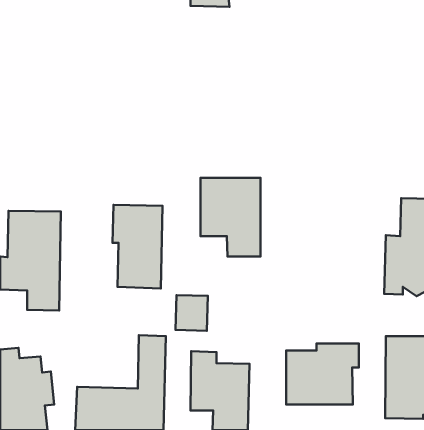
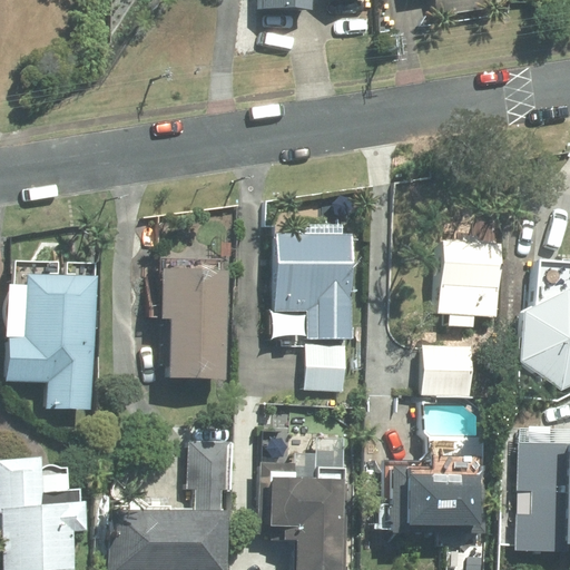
building: none -> [438,238,503,327]
building: none -> [423,345,478,396]
building: [176,295,208,331] -> [309,343,352,390]

